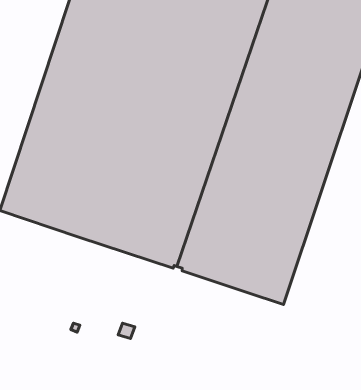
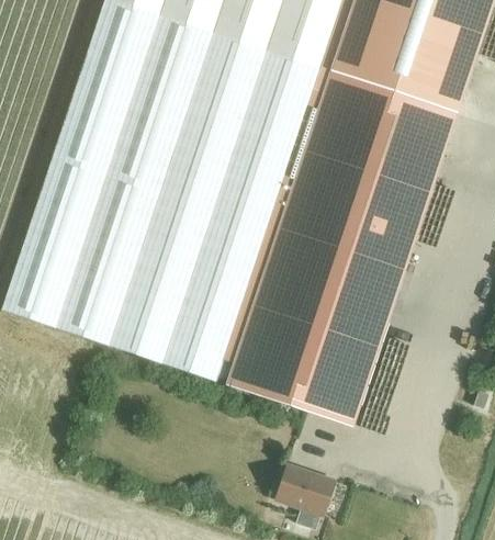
building: none -> [277,463,335,514]

